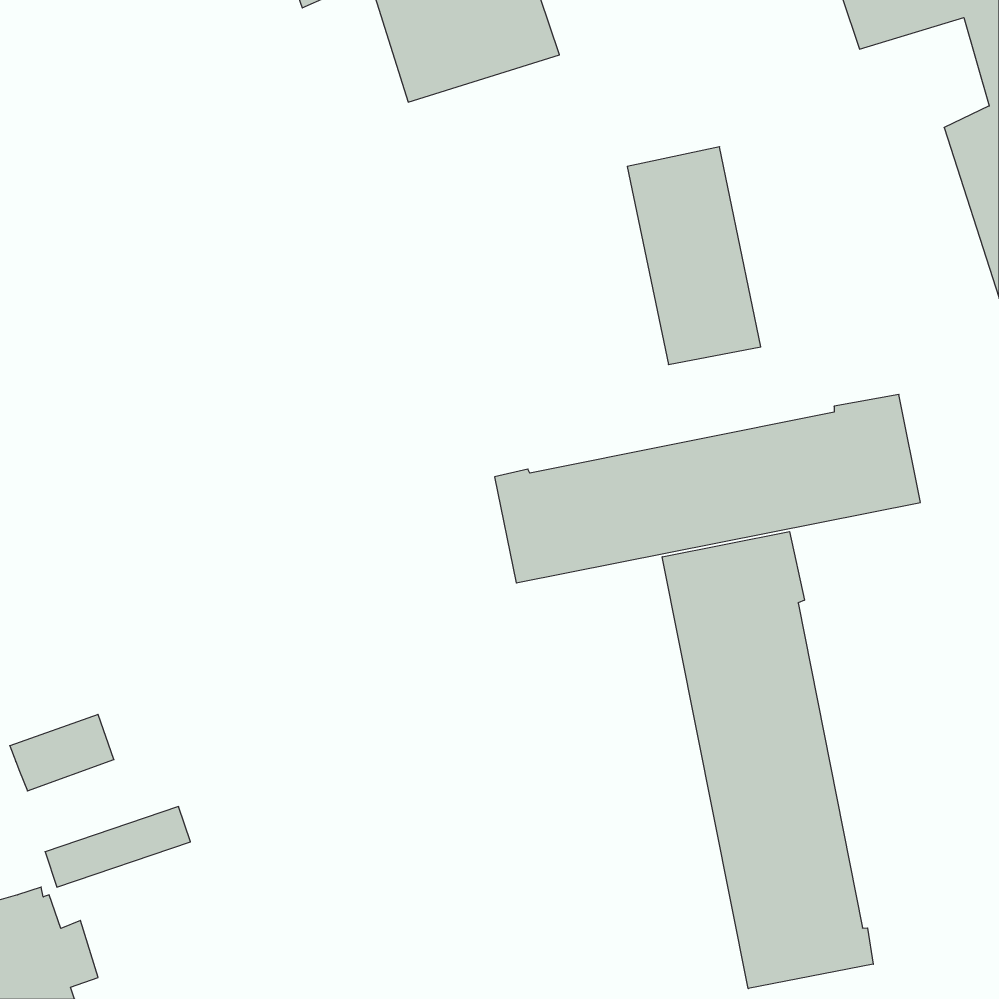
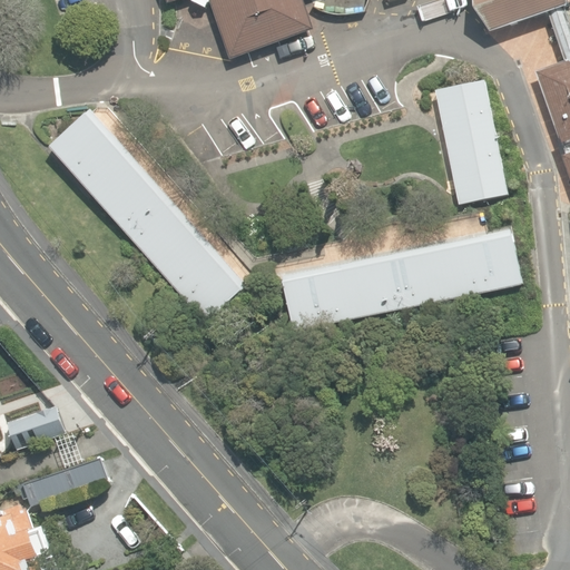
building: [627,147,761,365] -> [434,79,510,203]
building: none -> [49,115,242,321]
building: [662,532,873,989] -> none

